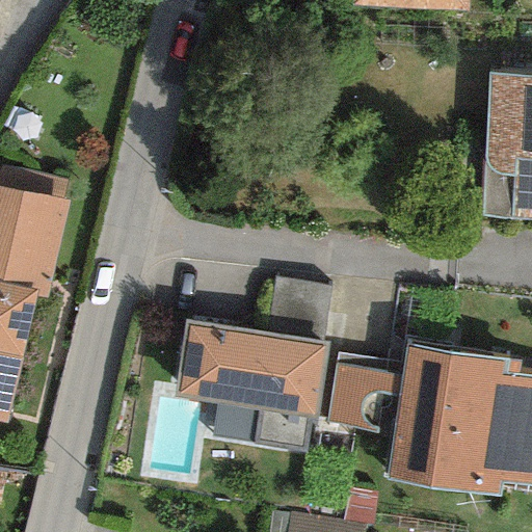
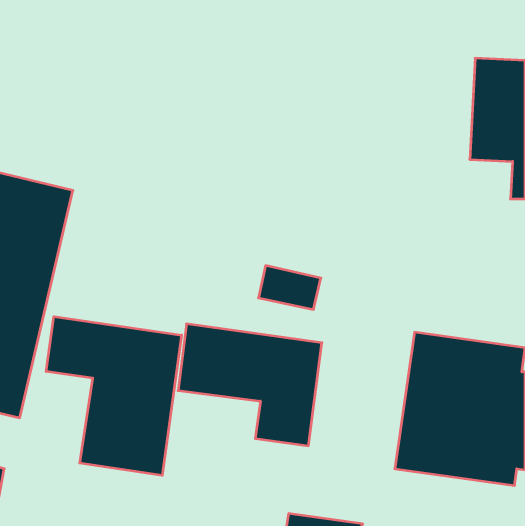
building: none -> [46,317,182,475]
building: [316,358,389,434] -> none

